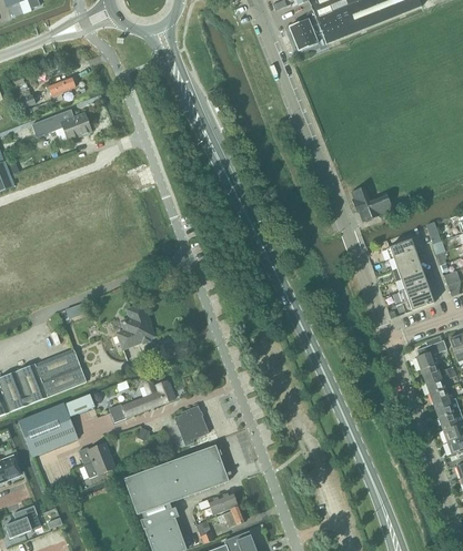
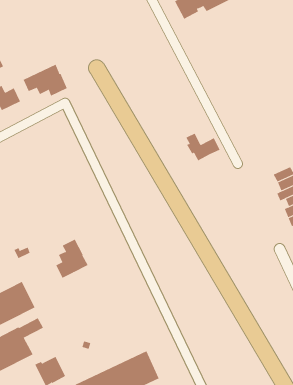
building: none -> [23,64,68,96]
building: [352,185,393,220] -> [186,133,221,161]
building: [109,379,174,420] -> none
building: [174,405,209,443] -> none

